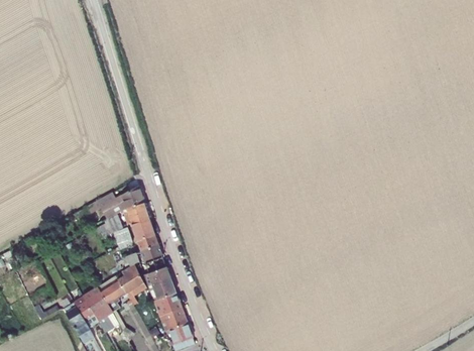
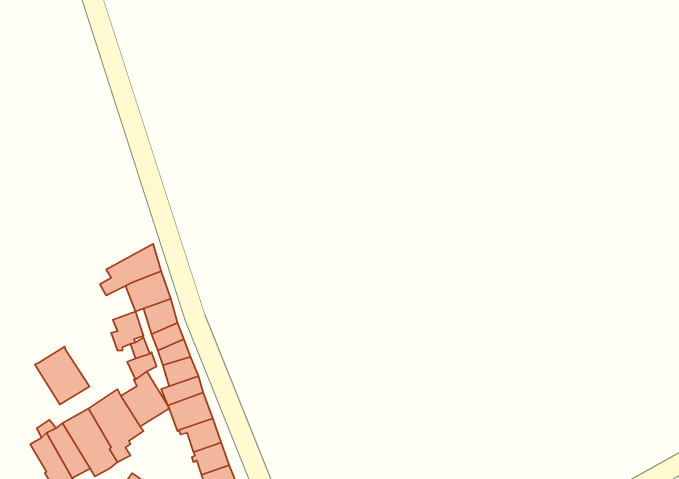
building: none -> [35,346,89,405]

